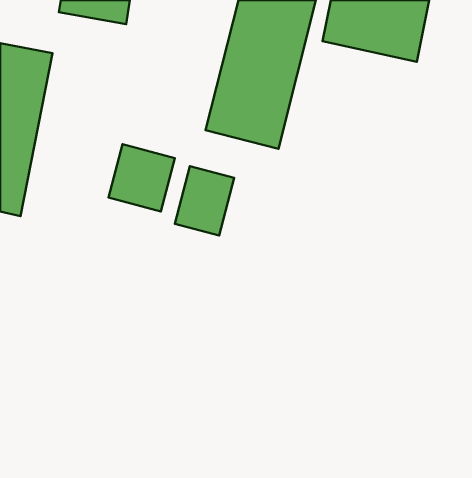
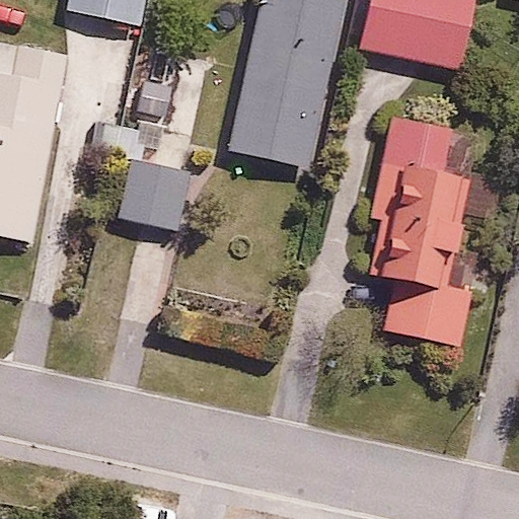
building: none -> [363,108,476,344]
building: [175,166,234,235] -> none

